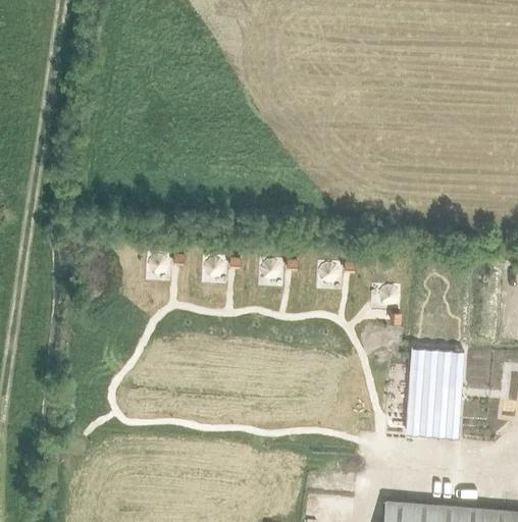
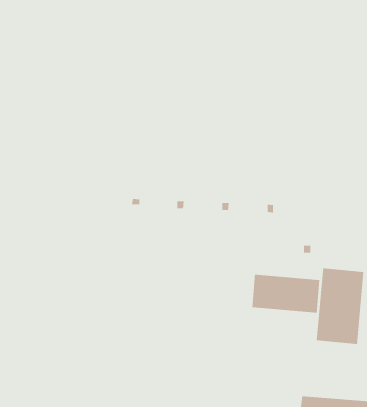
building: none -> [252,274,320,314]

